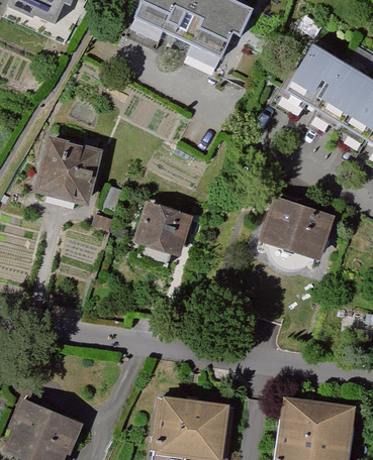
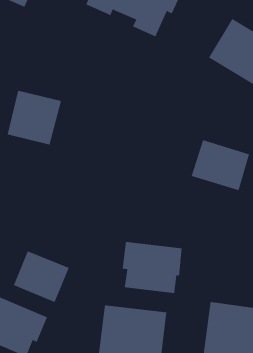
building: [130,205,187,261] -> none
building: none -> [122,241,182,294]
building: none -> [13,250,70,303]

